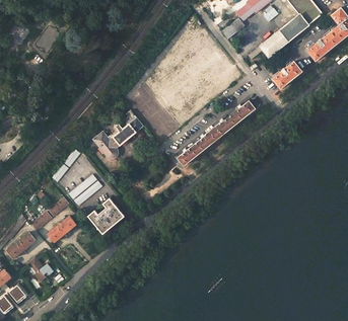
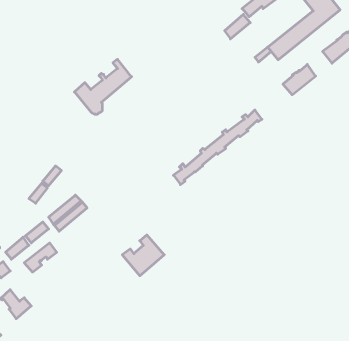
building: [92,111,142,159] -> [74,59,132,114]
building: [87,198,124,234] -> [122,235,164,276]

